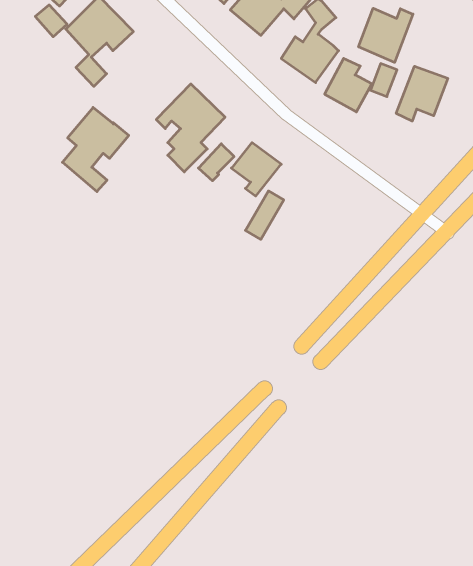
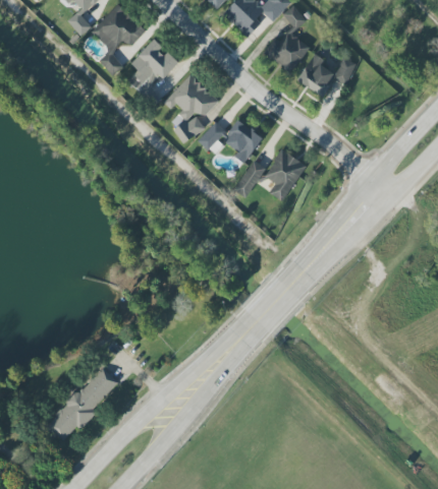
building: [359,8,413,62] -> none
building: [396,66,448,121] -> none
building: [62,107,129,192] -> [127,39,180,106]
building: none -> [265,149,307,201]
building: none -> [48,366,120,440]

